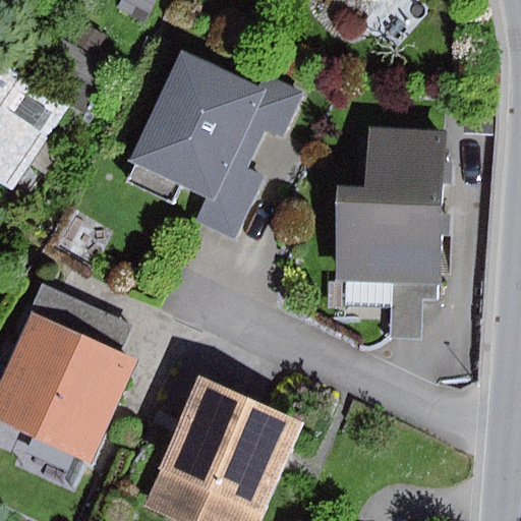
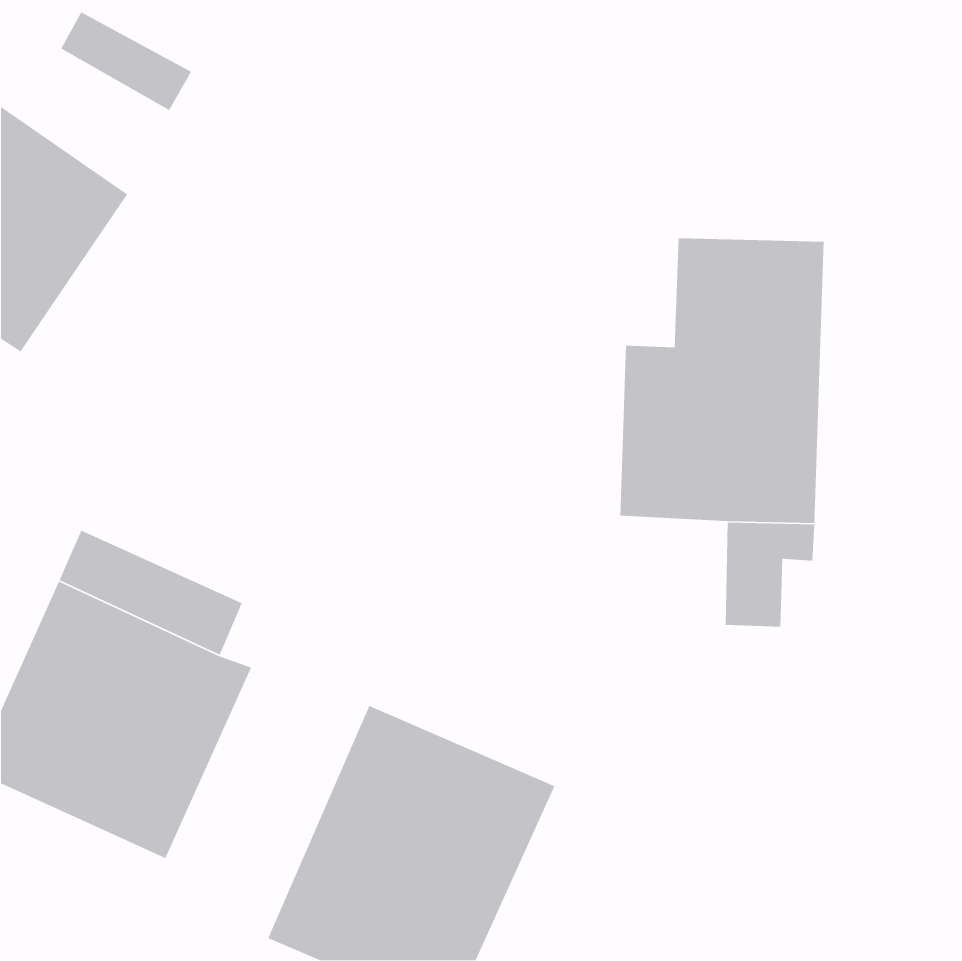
building: [126,49,302,241] -> none

